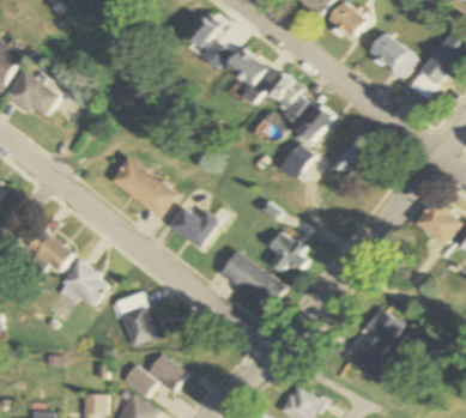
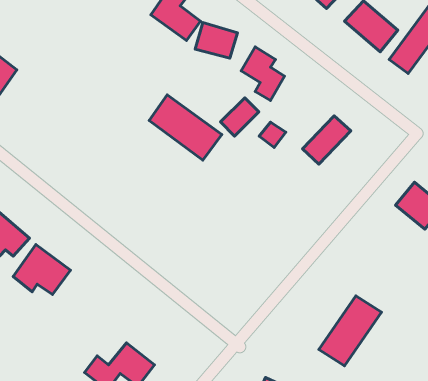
building: [297,105,333,141] -> [221,98,259,136]
building: [113,157,181,218] -> [149,95,222,160]
building: [173,207,223,249] -> none
building: [270,232,311,273] -> none
building: [220,252,288,309] -> none
building: [116,292,158,346] -> none

